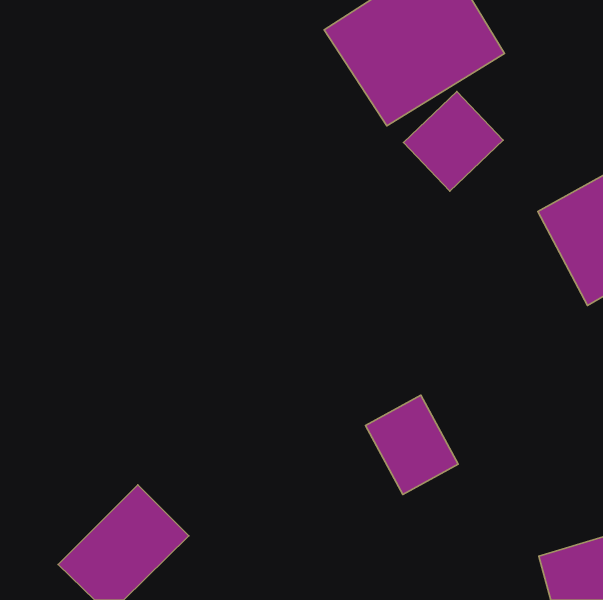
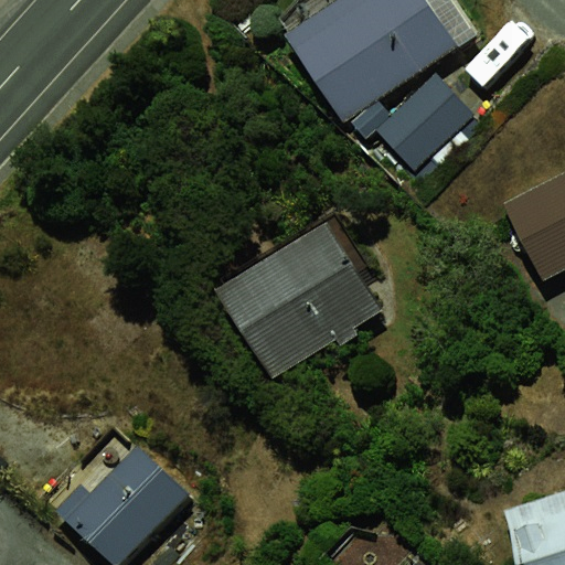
building: none -> [212,218,383,373]
building: [366,395,458,494] -> none

